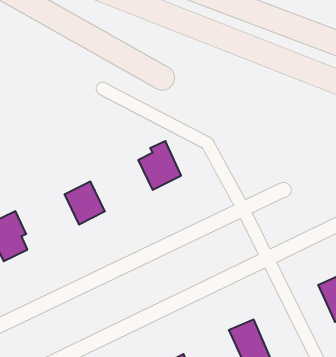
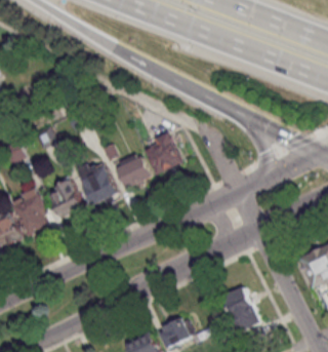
building: none -> [115,154,149,187]
building: none -> [45,180,81,217]

